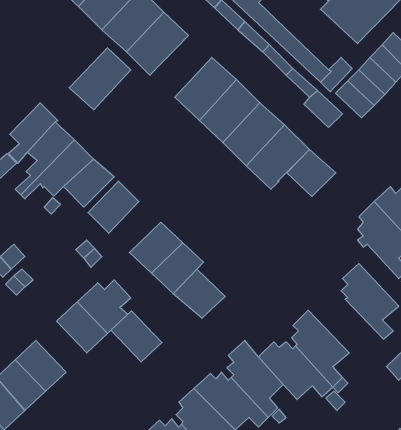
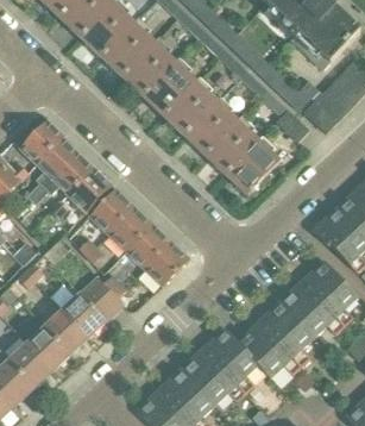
building: [69,48,131,110] -> [143,61,196,114]
building: [287,149,336,197] -> none
building: none -> [107,205,152,249]
building: [173,269,225,318] -> none
building: none -> [279,286,345,336]
building: [111,311,162,362] -> [44,308,88,352]

